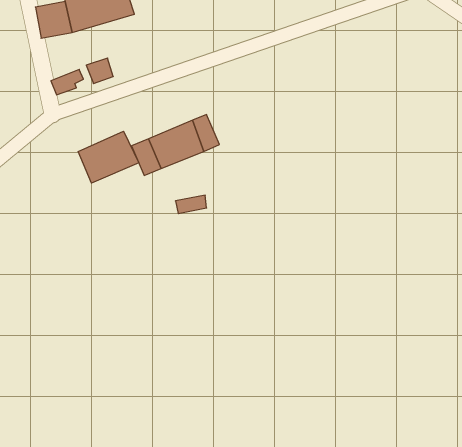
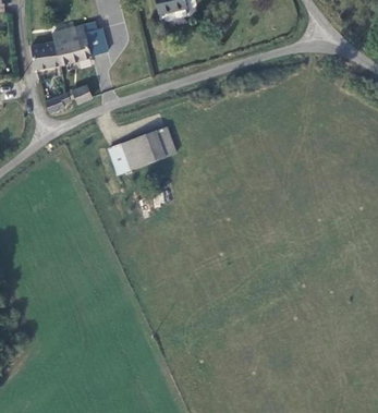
building: [78,131,139,183] -> none

